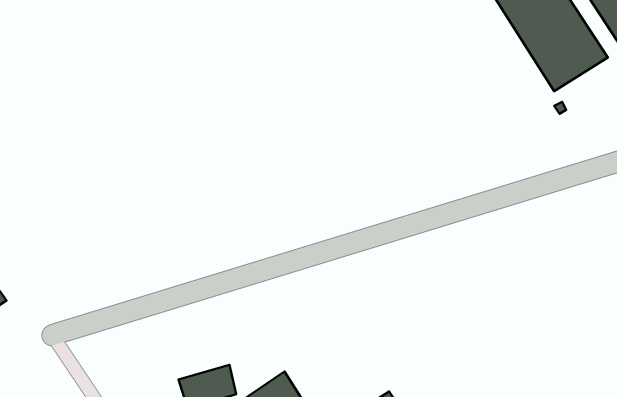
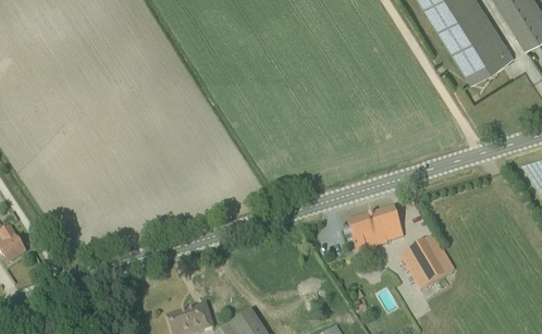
building: none -> [343,206,403,253]
building: none -> [399,234,454,289]

